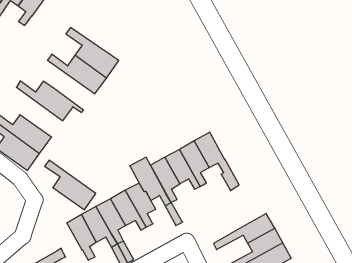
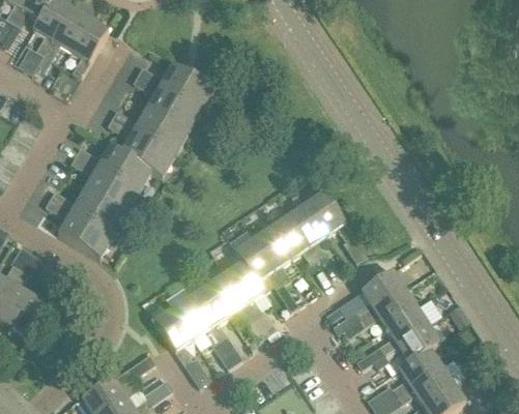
building: none -> [138,64,213,109]
building: none -> [108,116,175,175]
building: [45,160,96,210] -> [70,153,138,212]
building: none -> [333,268,404,331]

